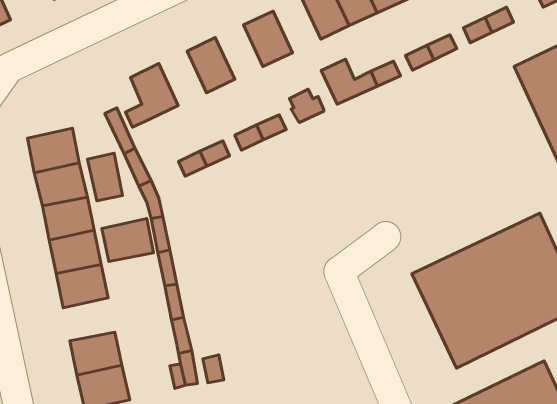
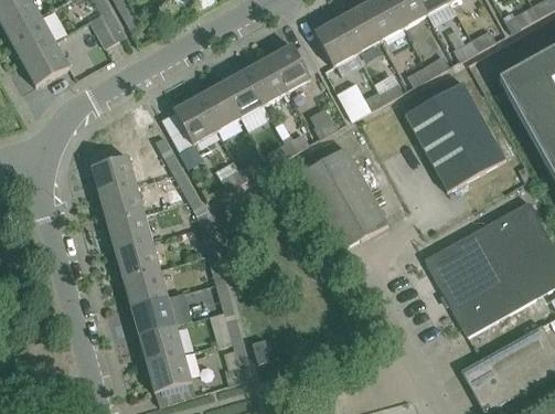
building: none -> [244,59,286,105]
building: none -> [198,84,239,130]
building: none -> [405,83,505,192]
building: none -> [298,147,387,251]
building: [87,153,123,201] -> none
building: [102,218,154,261] -> [130,297,175,336]

